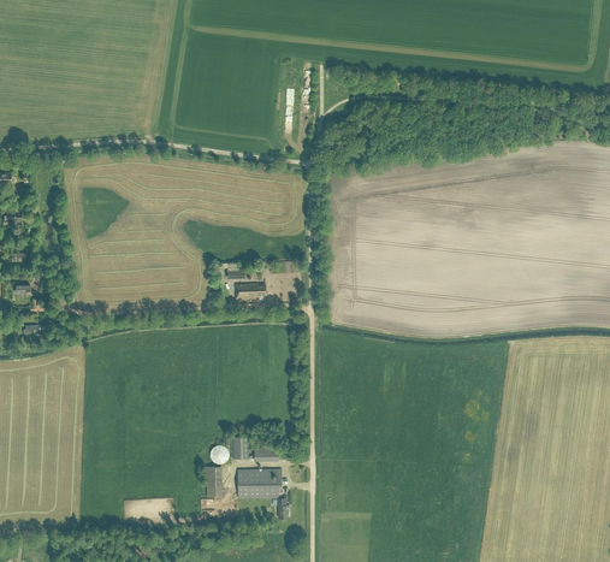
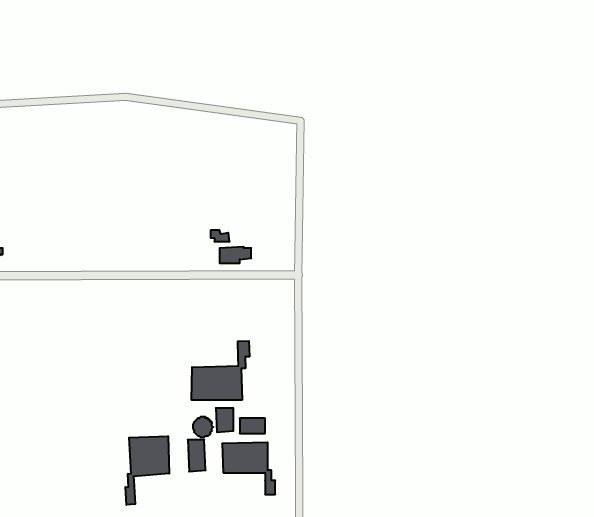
building: none -> [192,341,249,400]
building: none -> [125,436,169,505]

